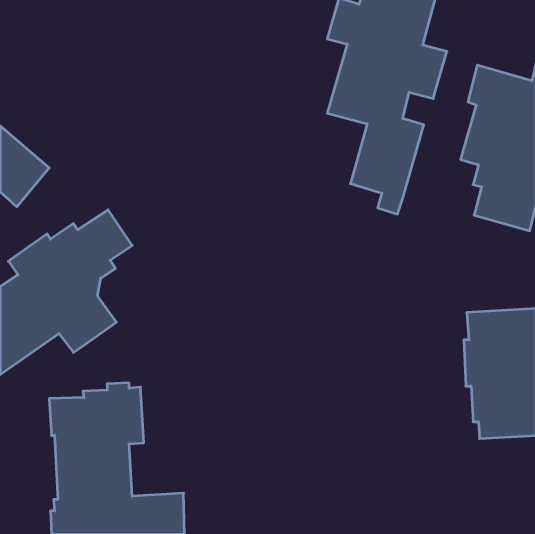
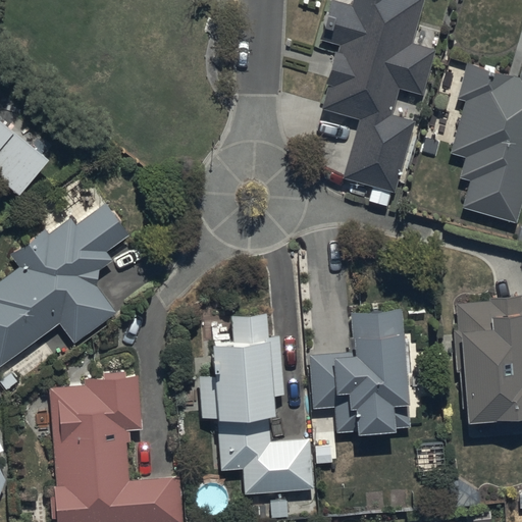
building: none -> [309,310,411,437]
building: none -> [198,315,331,493]

